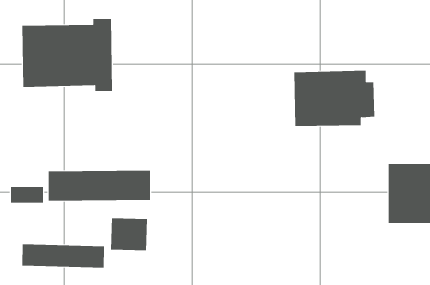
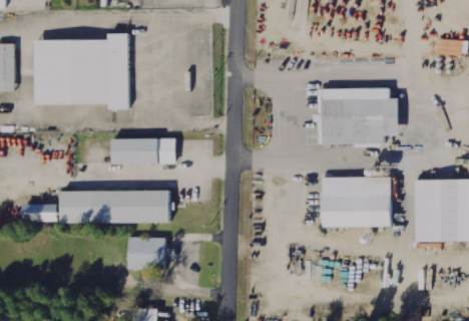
building: none -> [108,139,174,165]
building: none -> [321,178,391,228]
building: [22,244,105,268] -> none

